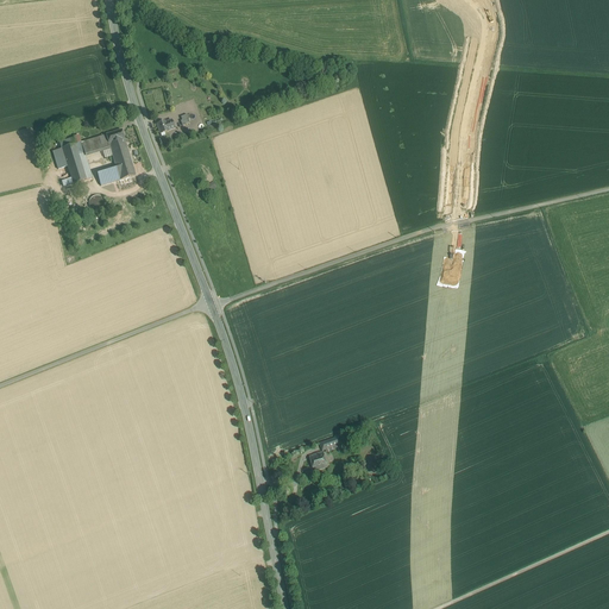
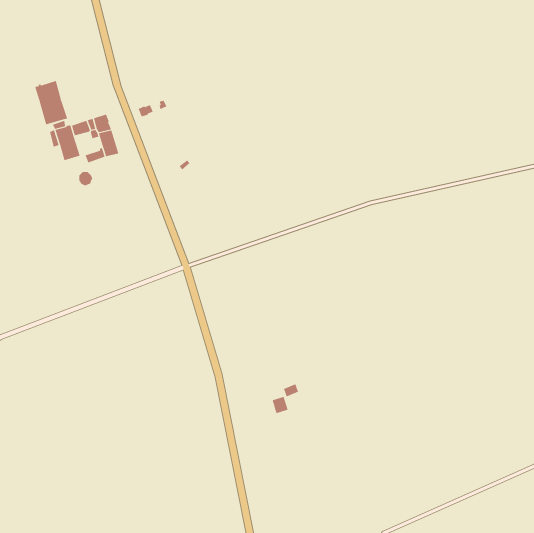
building: none -> [34,80,68,125]

